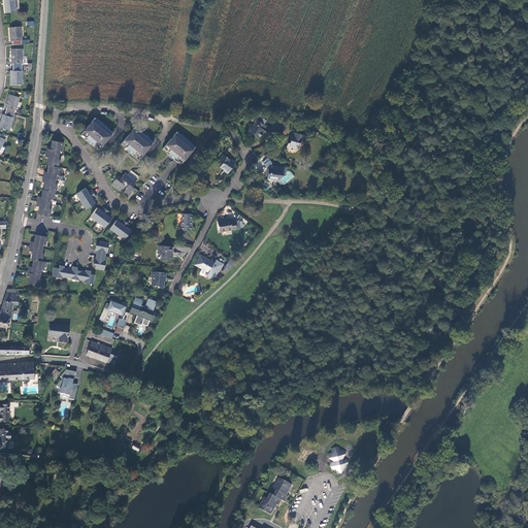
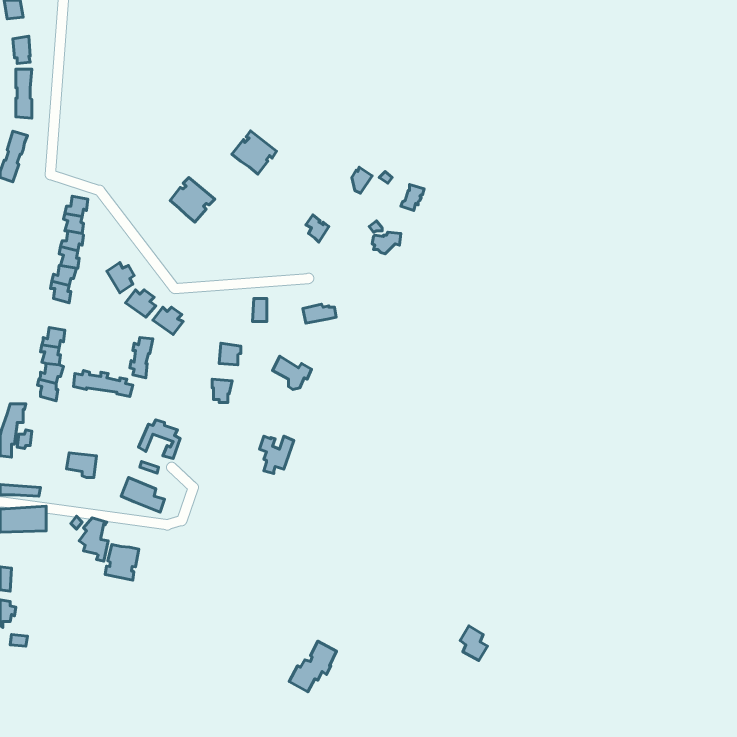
building: [81,118,113,148] -> none
building: [163,132,195,163] -> [232,131,277,174]
building: [111,170,140,197] -> none
building: [131,298,156,325] -> [259,436,294,474]
building: none -> [105,544,139,580]
building: [258,478,292,515] -> [289,641,337,692]

